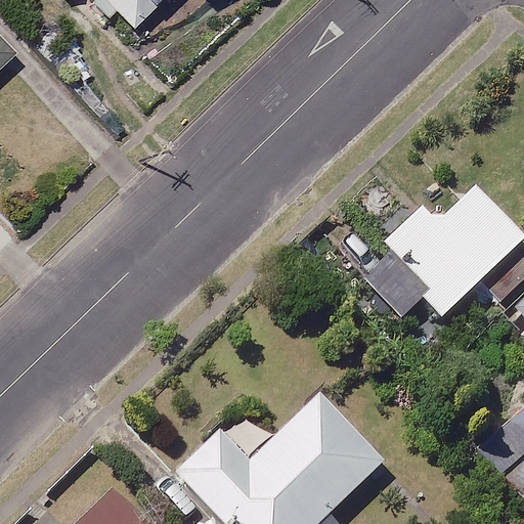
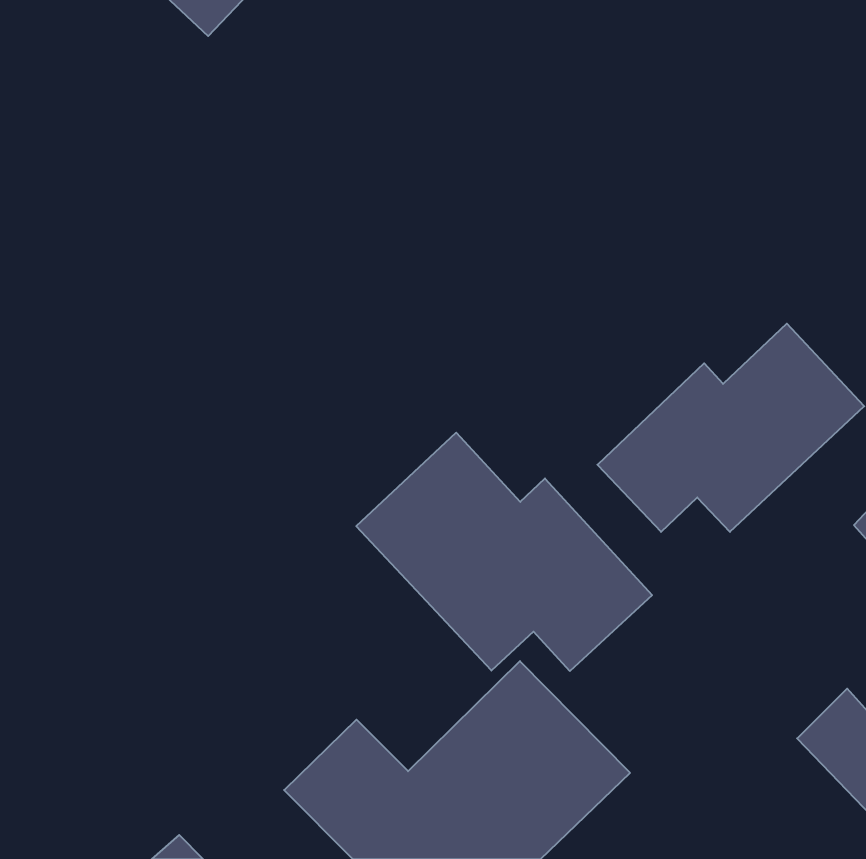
building: none -> [356,433,652,671]

